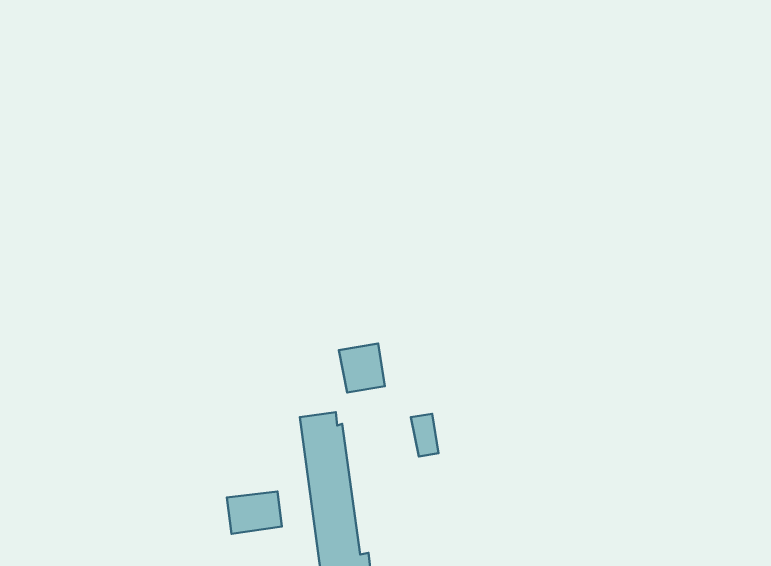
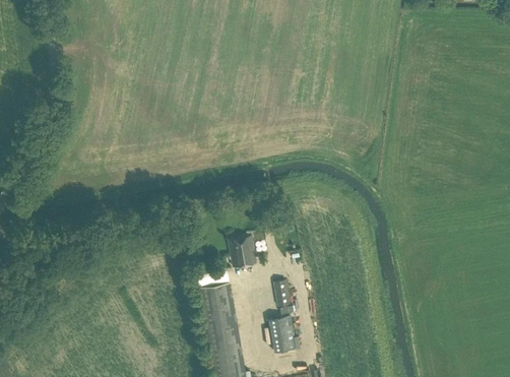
building: none -> [268,316,297,353]
building: [227,491,282,534] -> none

